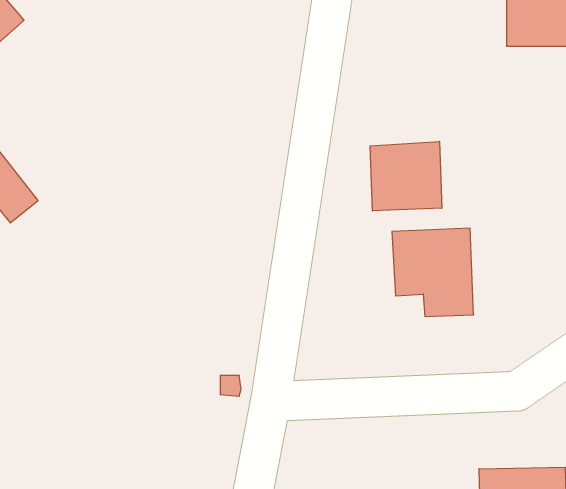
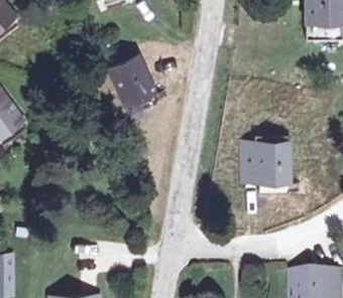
building: none -> [120,60,154,104]
building: [370,141,442,211] -> none

